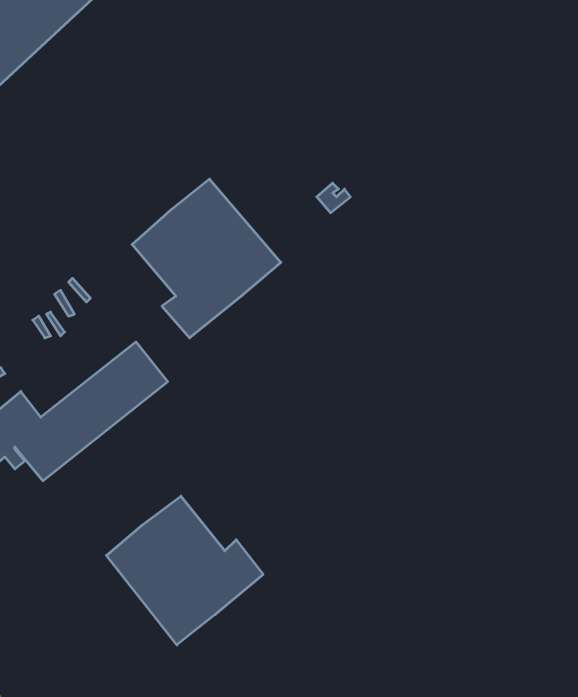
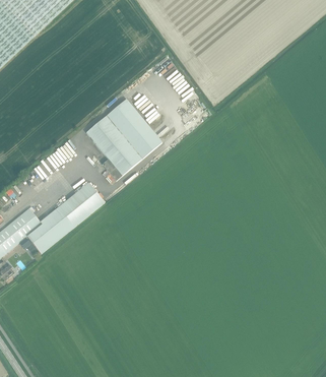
building: [106,496,263,645] -> none

